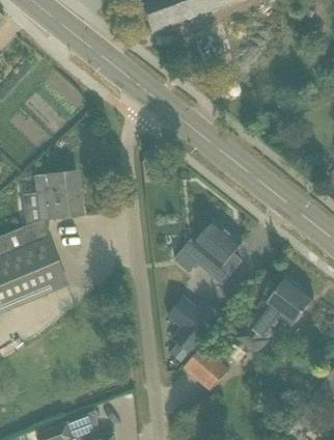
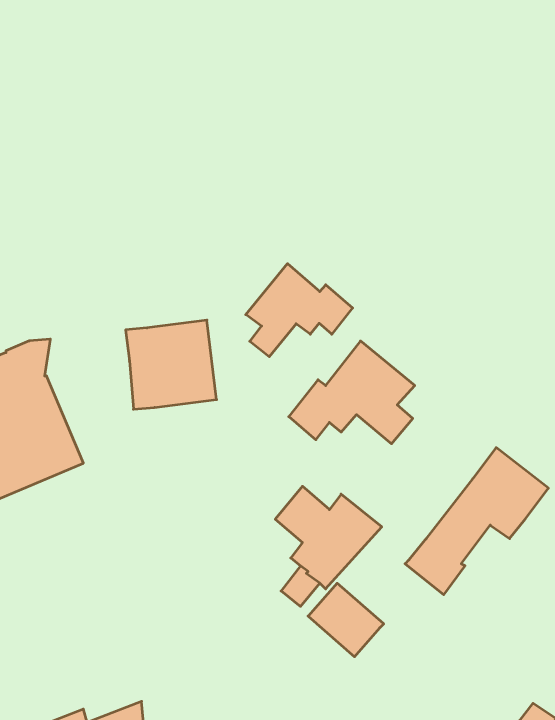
building: [32,171,81,219] -> [126,320,217,409]
building: none -> [246,264,353,357]

